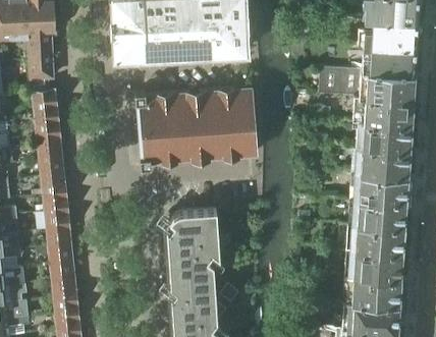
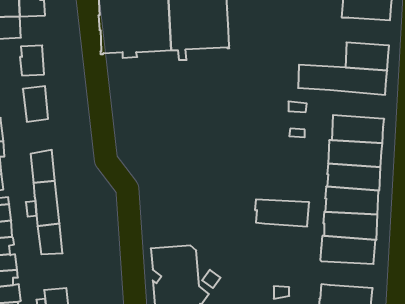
building: [29,19,56,52] -> none
building: [372,21,418,51] -> none
building: [135,92,256,172] -> none
building: [353,98,413,128] -> none
building: [36,128,62,165] -> none
building: [164,213,220,265] -> none
building: [51,270,77,308] -> none
building: [344,278,401,306] -> [255,199,309,226]

